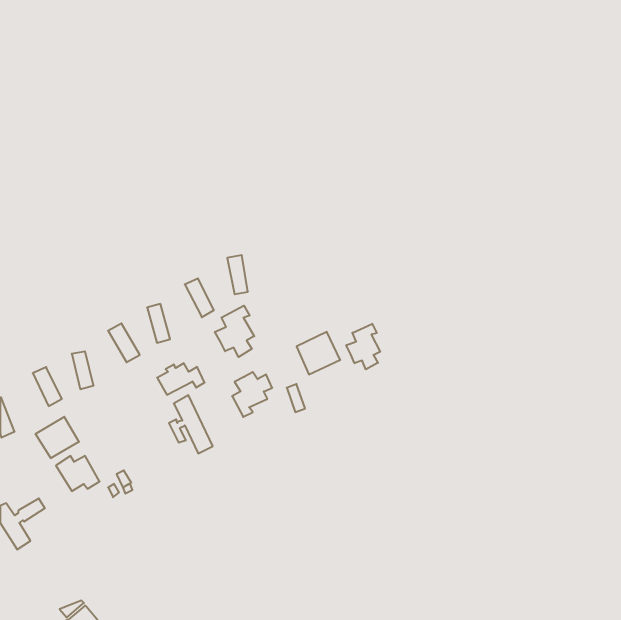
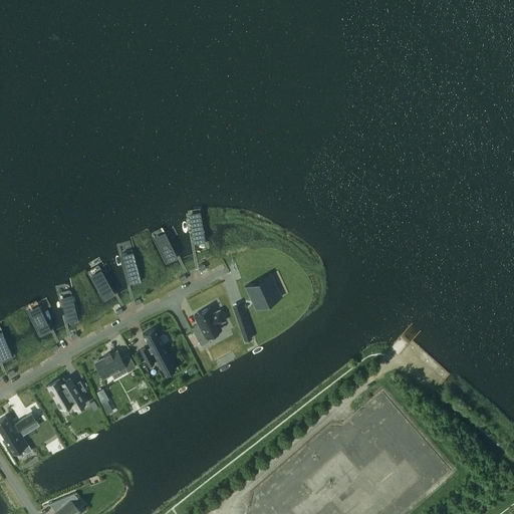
building: [215,306,254,357] -> none
building: [346,324,380,369] -> none
building: [157,363,205,395] -> [98,357,138,383]
building: [36,417,79,458] -> none

